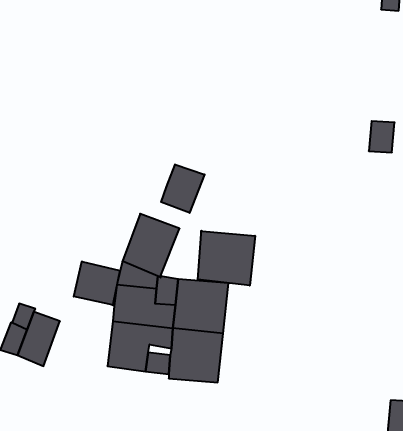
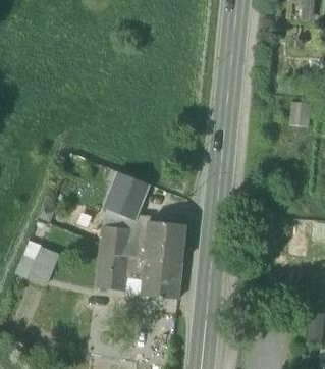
building: [161,164,205,213] -> none
building: [198,231,255,286] -> none
building: [74,261,120,305] -> none

